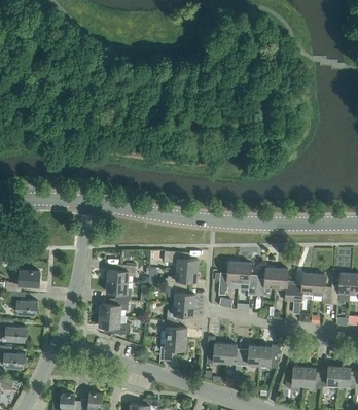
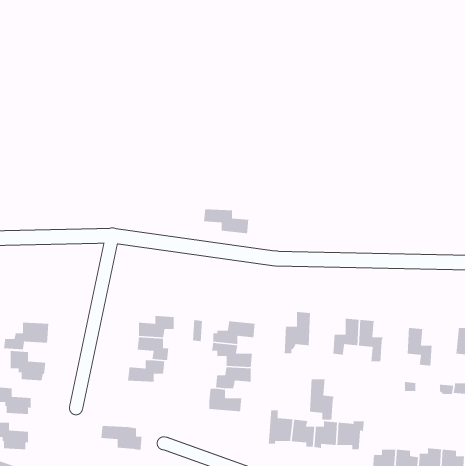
building: [163,251,198,271] -> [203,208,249,234]
building: [238,263,257,295] -> [309,379,335,420]
building: [292,273,313,302] -> none
building: [330,273,351,305] -> none
building: [98,315,130,335] -> [101,425,142,451]
building: [158,337,185,361] -> none

